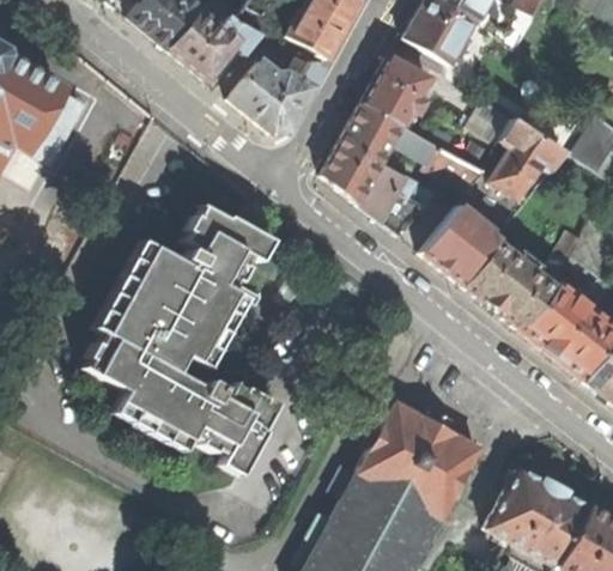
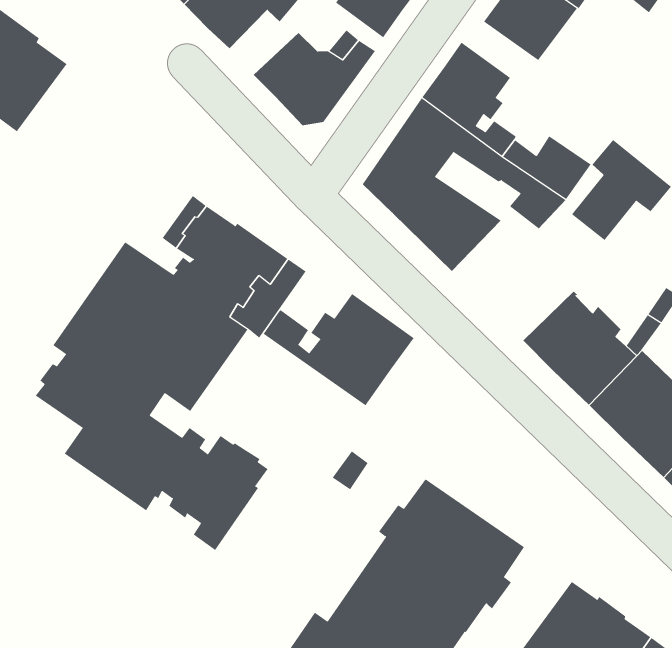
building: [423,205,499,284] -> none
building: none -> [263,293,415,406]

